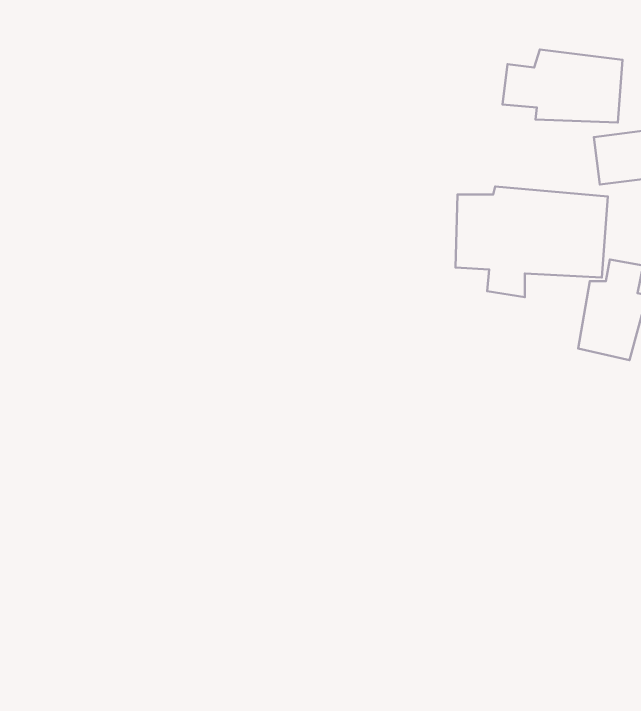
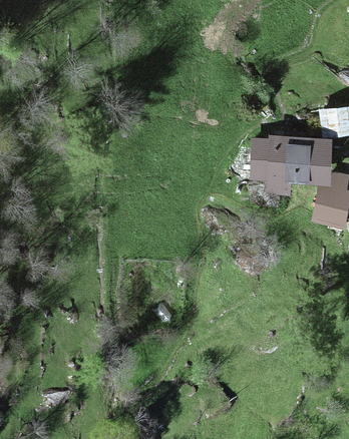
building: [502,50,622,122] -> none

